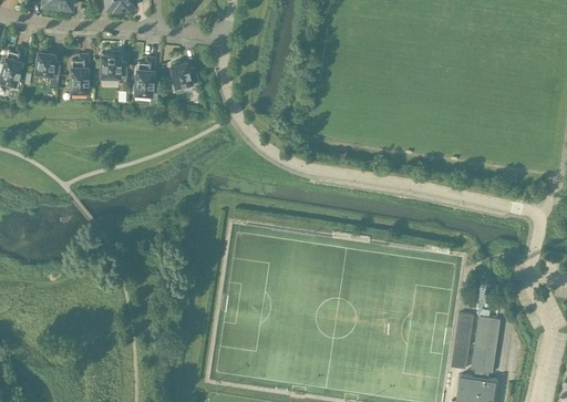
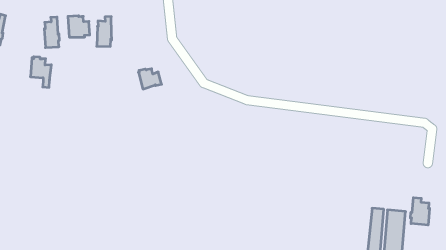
building: [34,52,61,91] -> [30,57,51,87]
building: [171,64,198,89] -> [138,69,162,89]
building: none -> [410,198,430,225]

